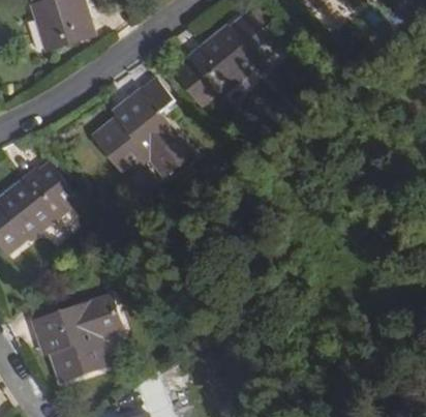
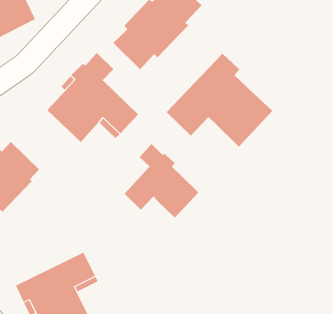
building: none -> [166,53,273,147]
building: none -> [124,143,199,219]

